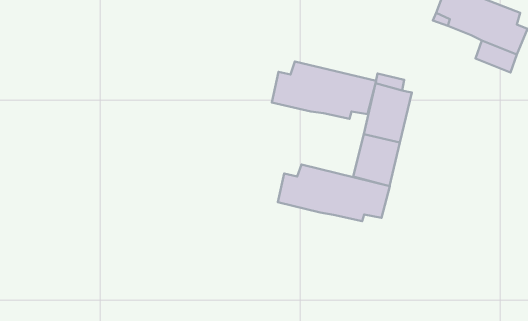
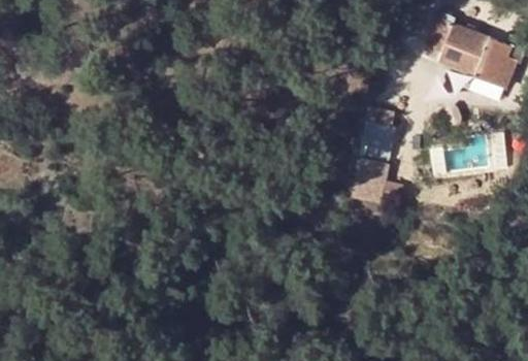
building: [272,61,376,119] -> none
building: [278,165,390,221] -> none

